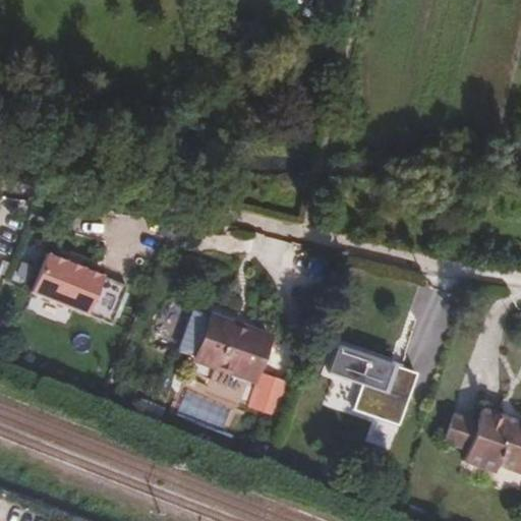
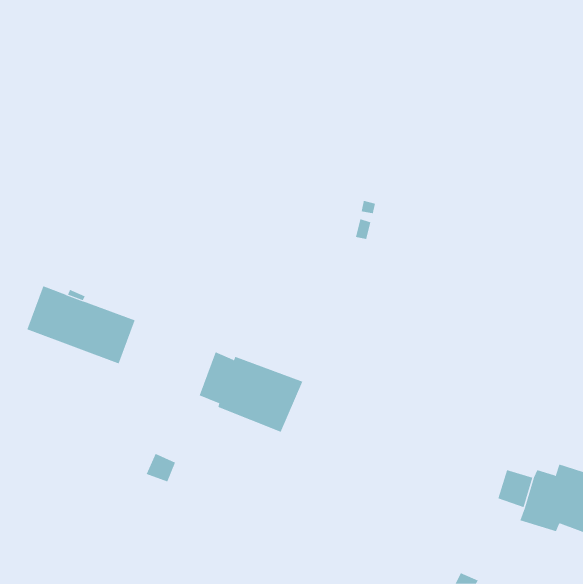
building: [329,349,417,425] -> none
building: [247,374,284,415] -> none

